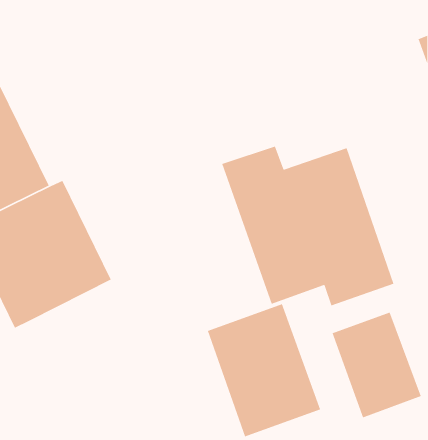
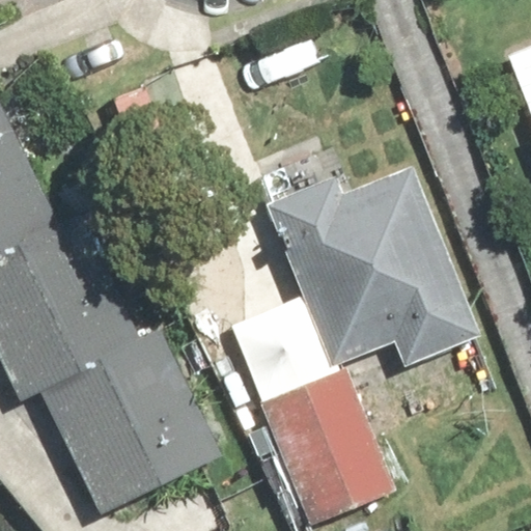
building: none -> [36,324,225,513]
building: [331,311,422,418] -> none

